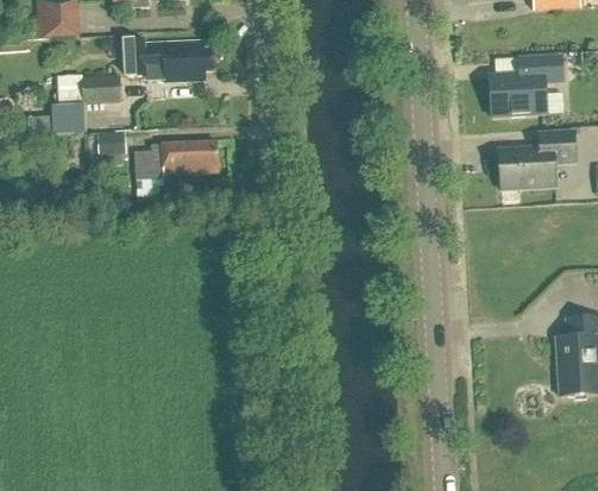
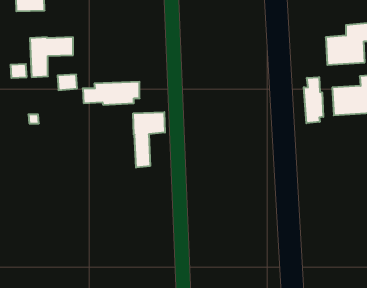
building: [124,37,213,80] -> none
building: none -> [304,77,323,123]
building: none -> [133,112,165,168]

